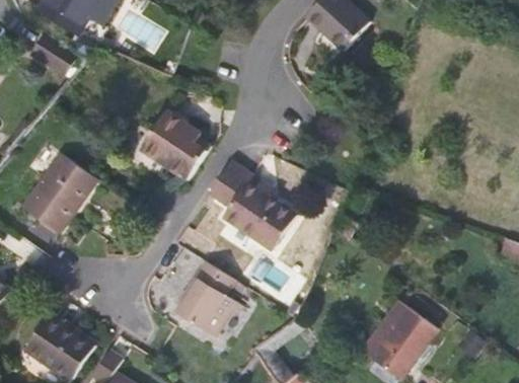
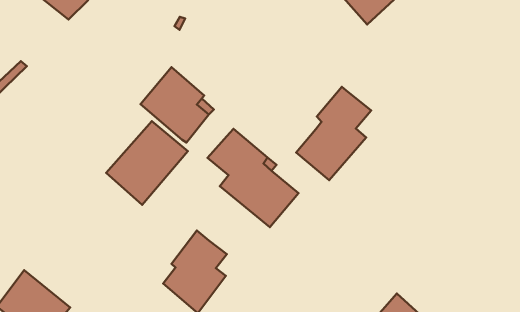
building: none -> [296,87,371,180]
building: [23,155,97,234] -> [106,121,188,205]

